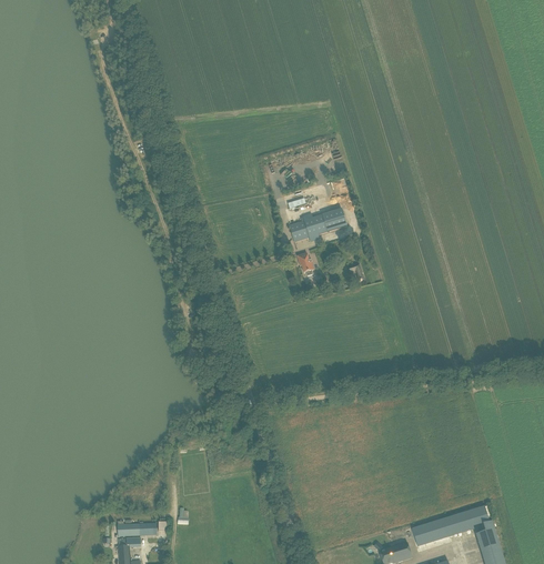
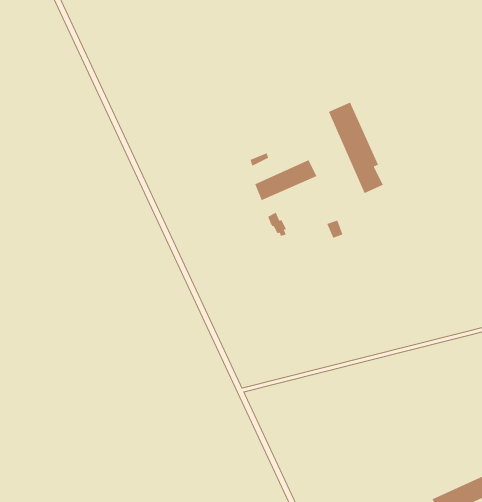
building: none -> [328,102,384,194]

